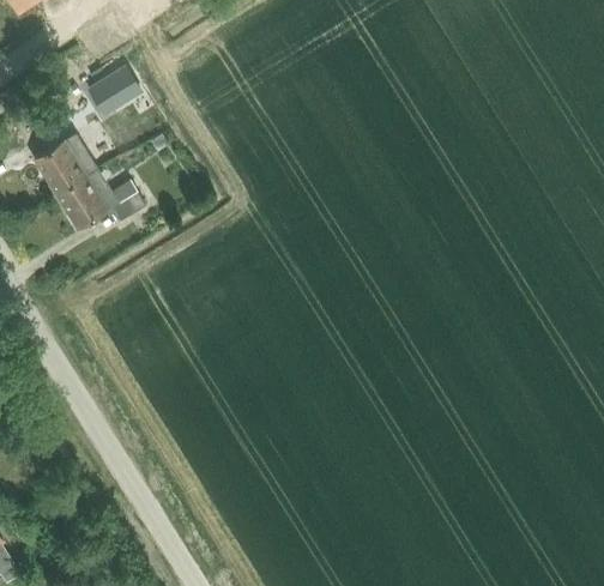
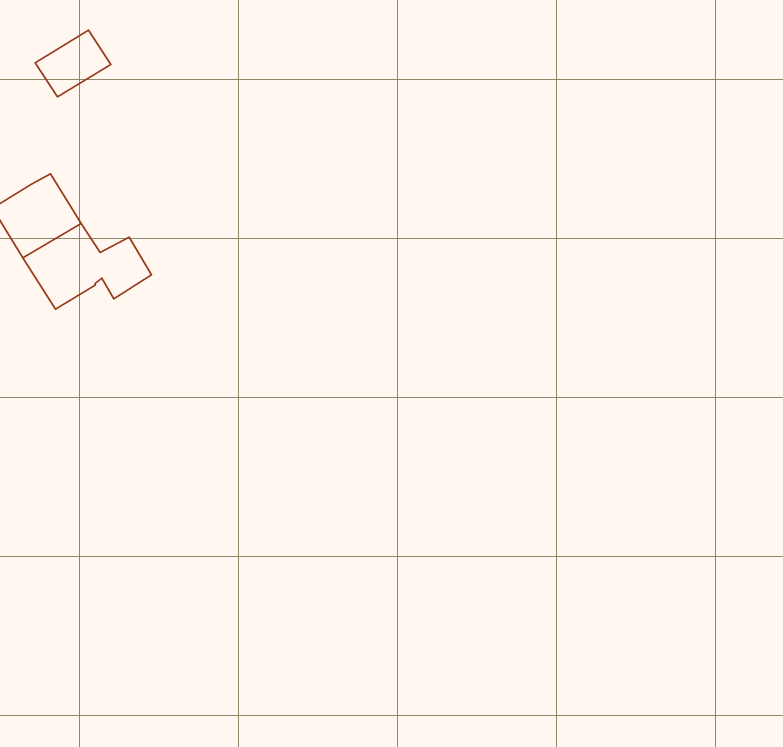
building: [90,66,143,113] -> [35,30,111,97]

